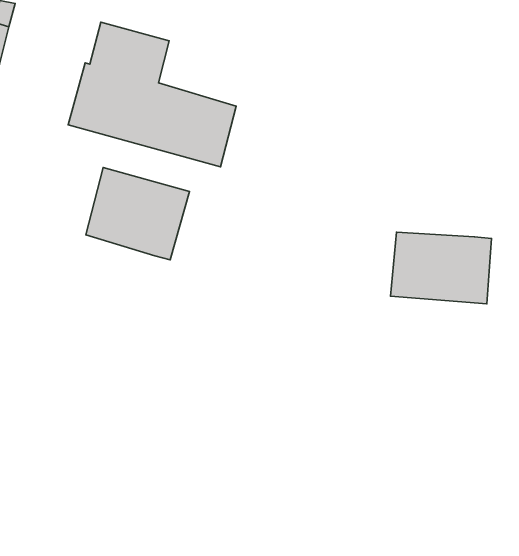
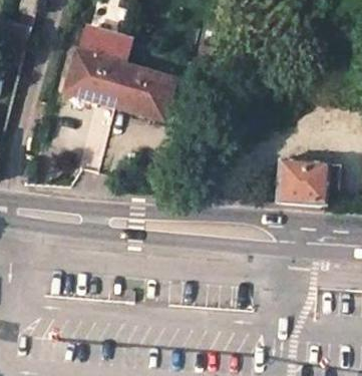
building: [86,168,190,260] -> none

